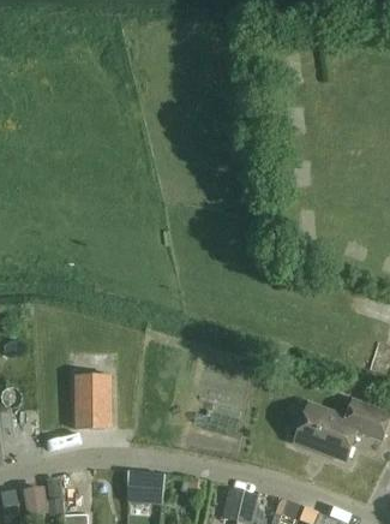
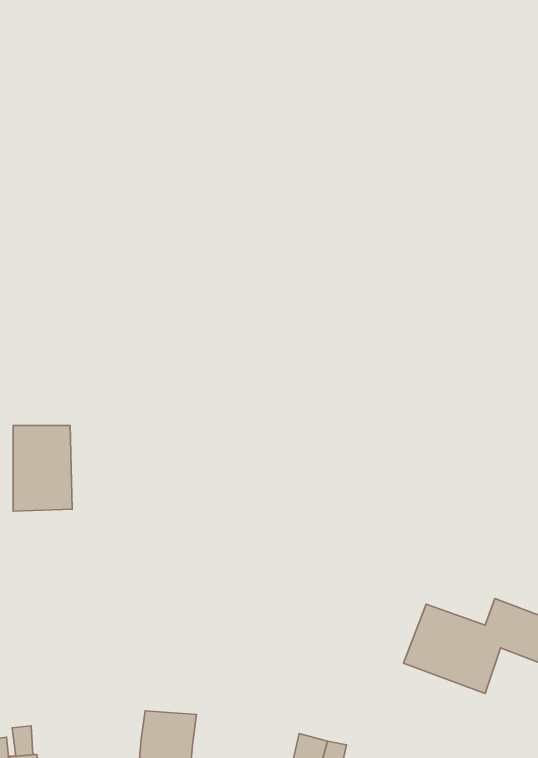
building: [74,375,112,429] -> [13,426,72,511]

